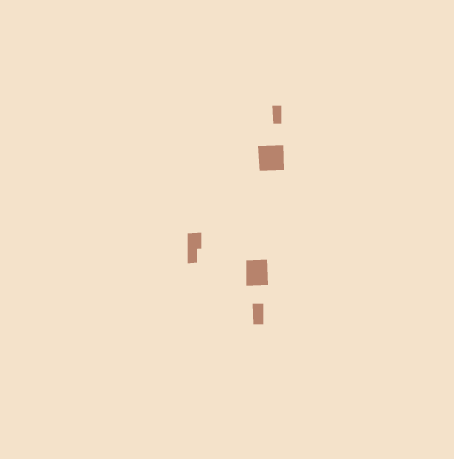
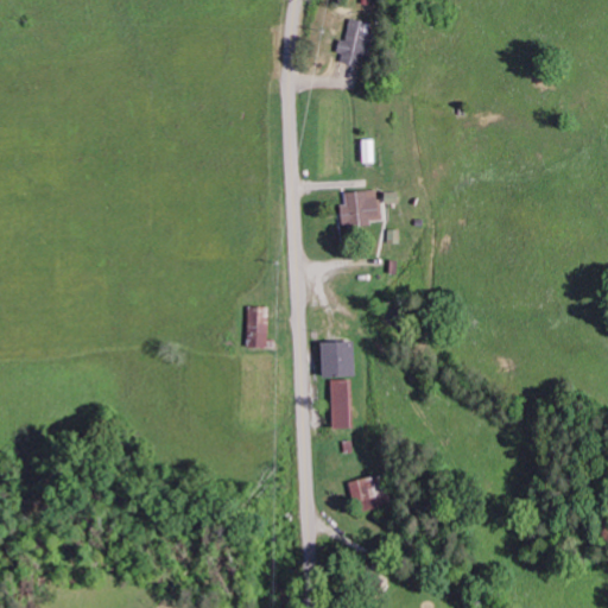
building: none -> [336,18,369,66]
building: none -> [349,476,386,511]

